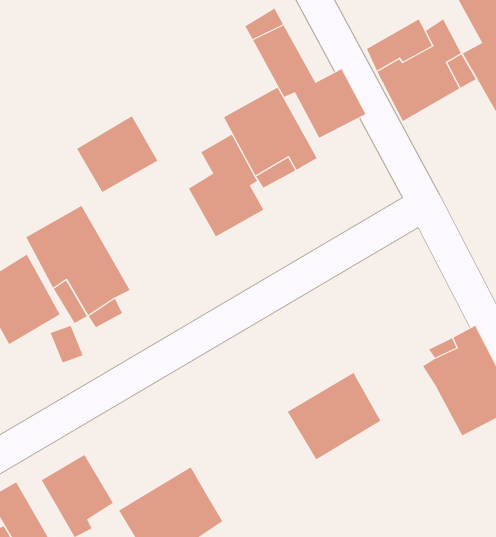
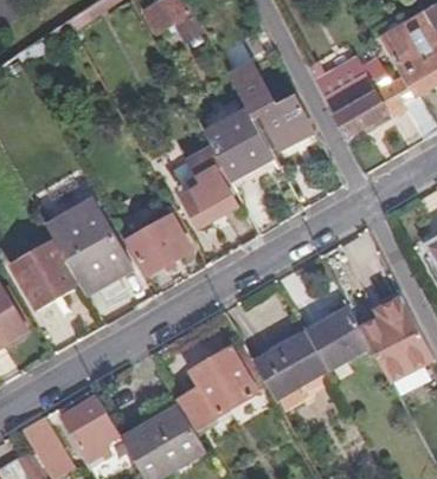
building: [76,115,158,193] -> [127,214,191,274]
building: none -> [306,305,369,369]
building: none -> [175,348,258,429]

